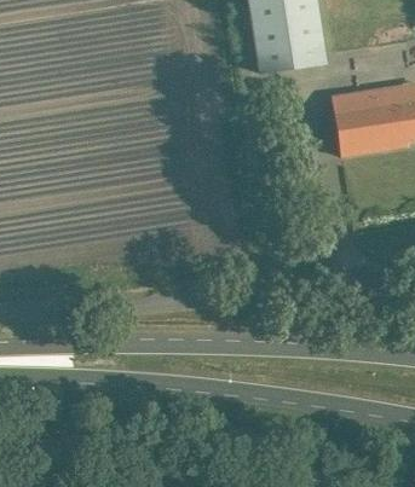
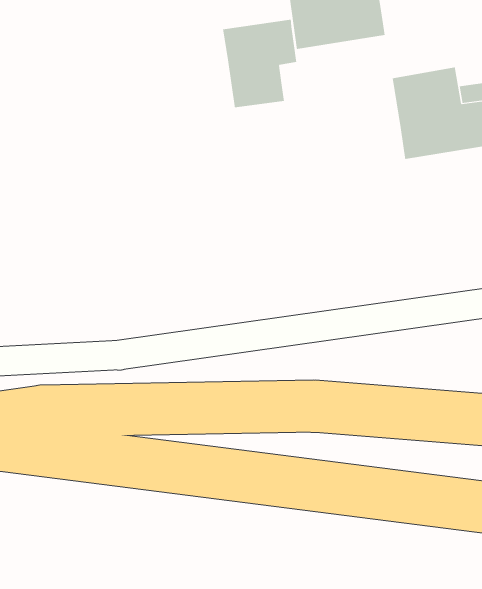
building: none -> [223,19,297,108]

